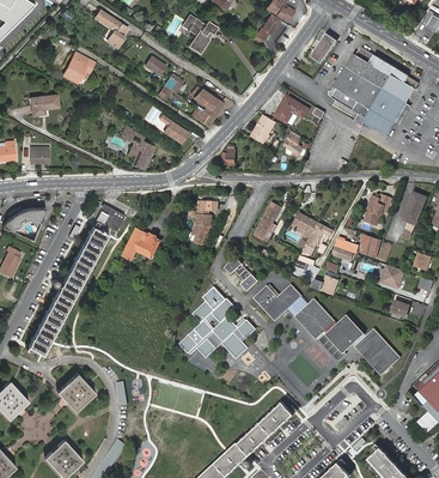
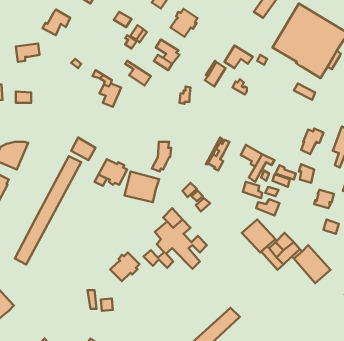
building: none -> [170,9,197,37]
building: none -> [125,171,159,202]
building: [254,285,300,320] -> none
building: none -> [110,253,140,281]
building: [56,373,94,411] -> none

